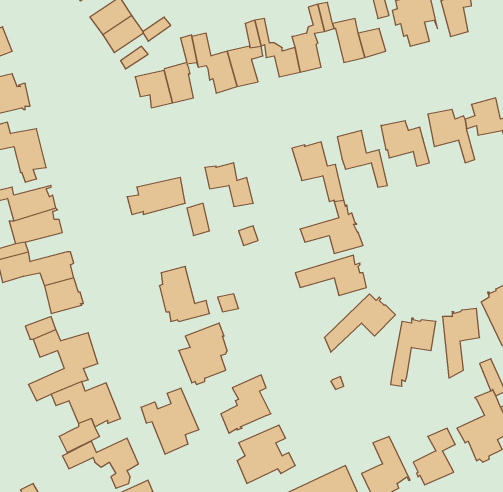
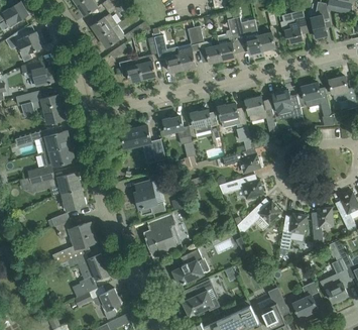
building: none -> [190,110,222,147]
building: [141,388,199,454] -> none

